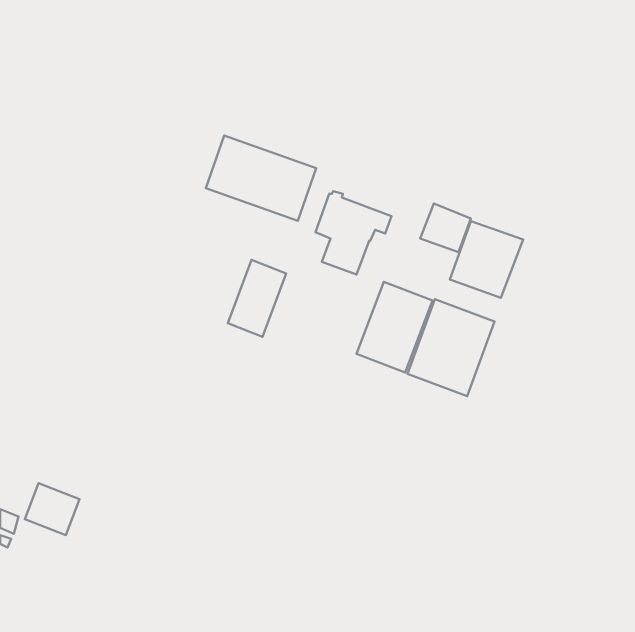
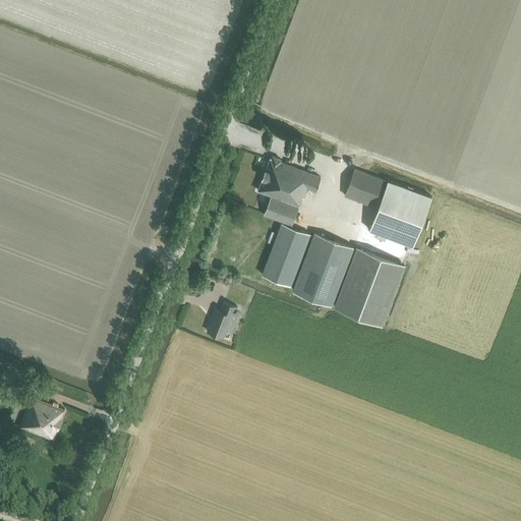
building: [206,135,316,221] -> none
building: [228,260,286,337] -> [263,224,310,287]
building: none -> [208,303,238,339]

